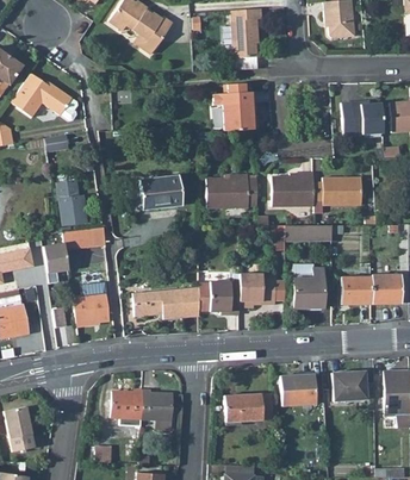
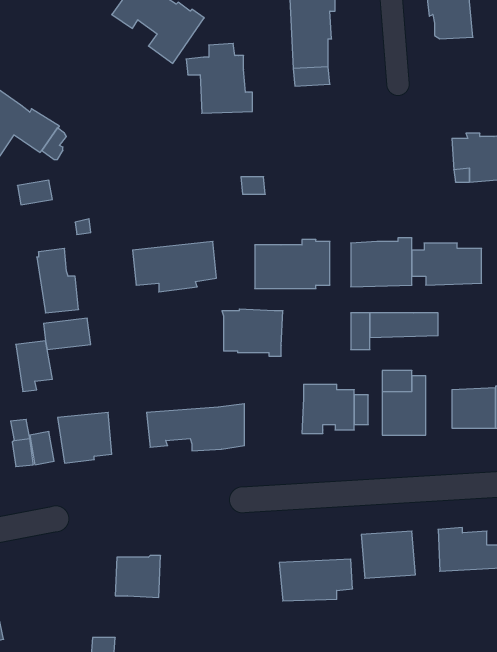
building: [212,83,257,131] -> [186,43,252,113]
building: [198,282,240,314] -> [222,309,283,356]
building: [141,391,172,430] -> none

